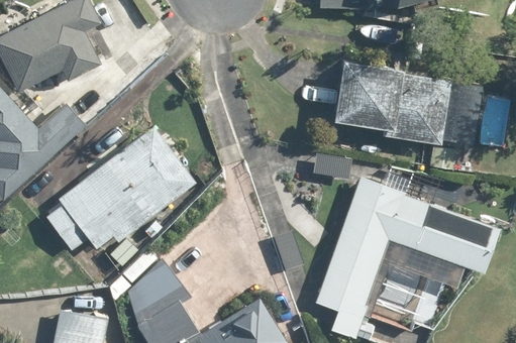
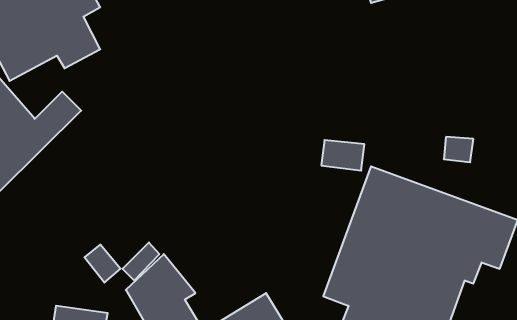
building: [332,61,479,145] -> none
building: [43,133,194,251] -> none

